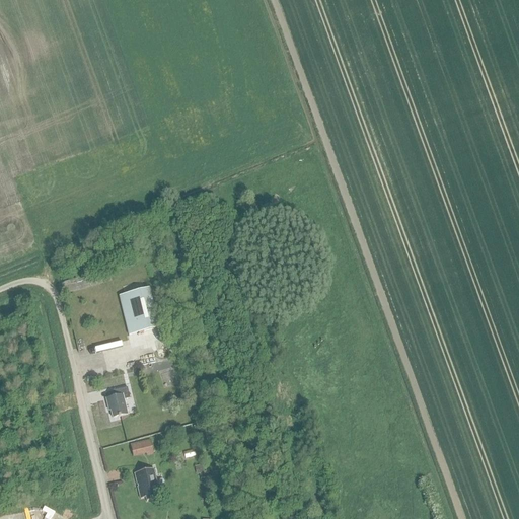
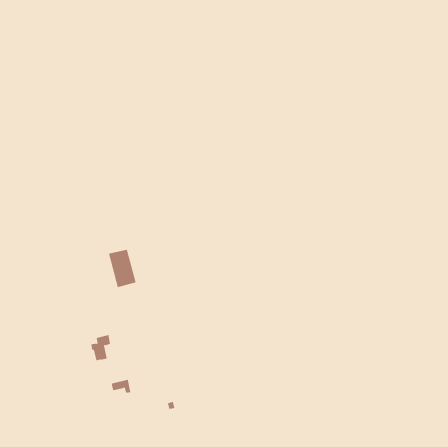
building: [132,466,157,499] -> none

